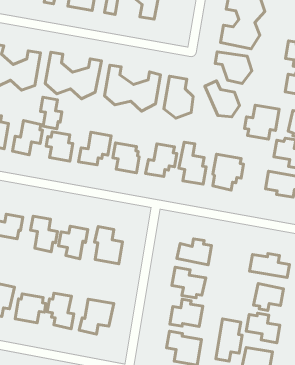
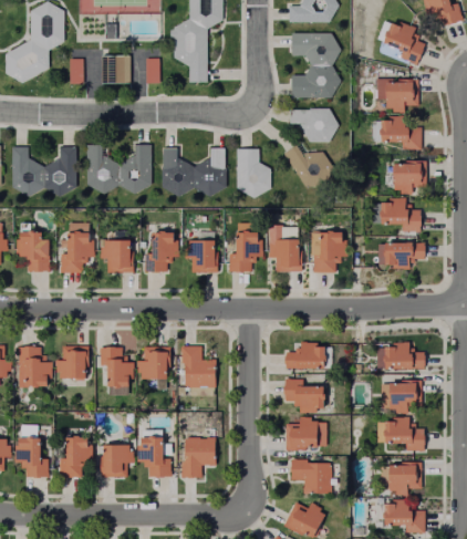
building: [41,97,62,129] -> none
building: [245,105,279,139] -> none
building: [216,319,242,361] -> none

